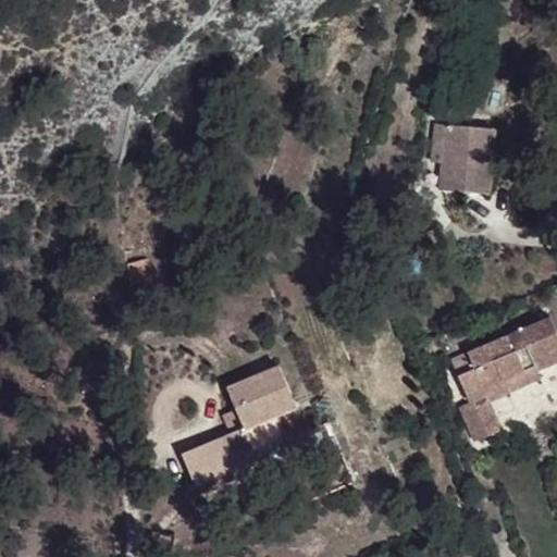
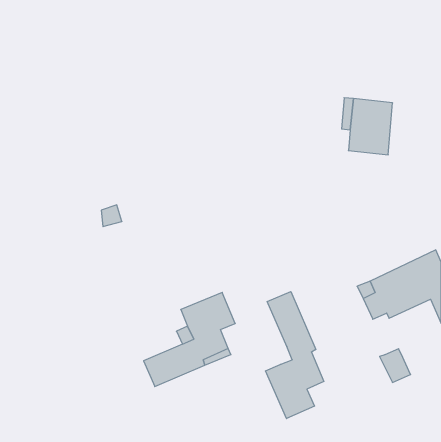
building: none -> [265,292,324,419]
building: [462,394,502,436] -> [380,349,411,382]

